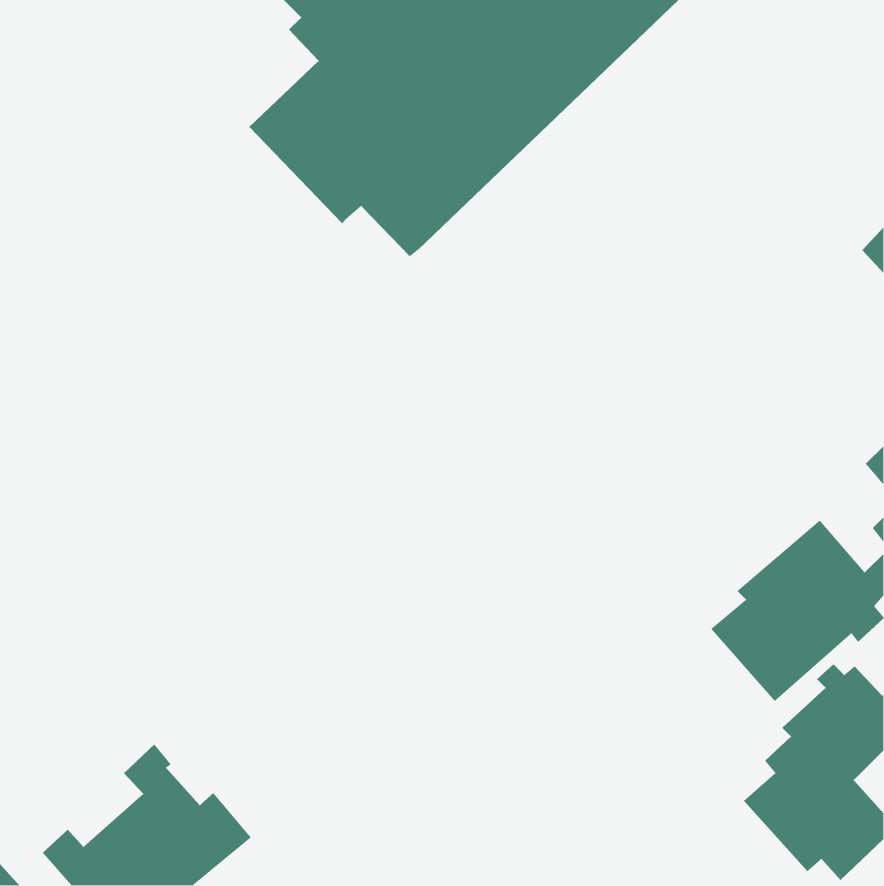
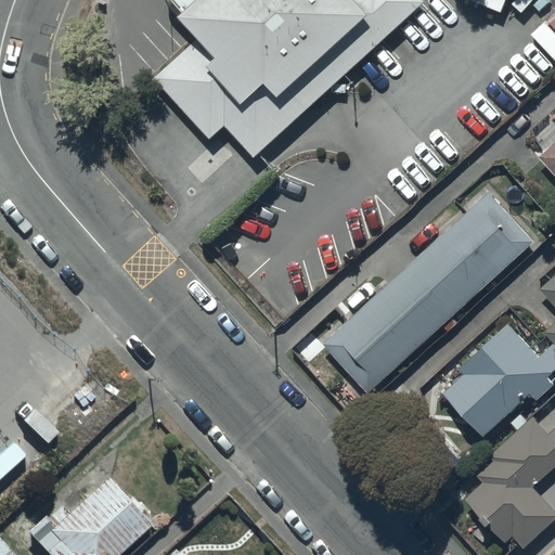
building: none -> [322,192,533,393]

